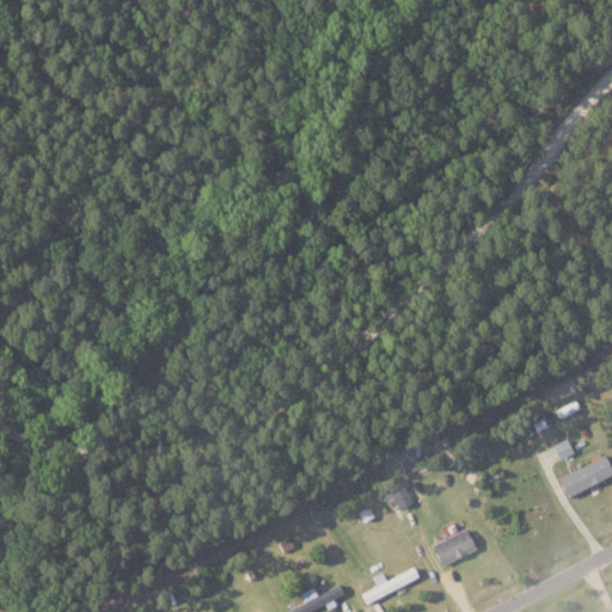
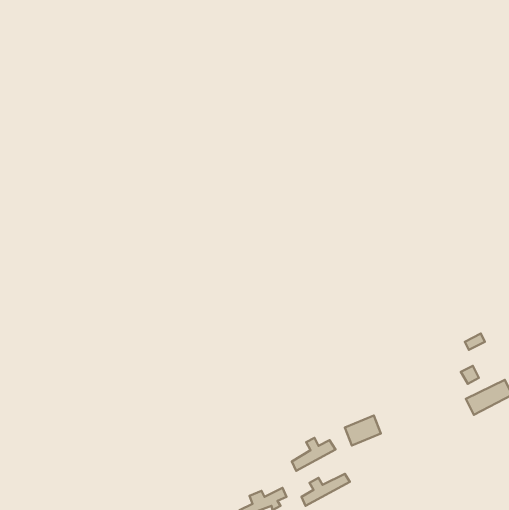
building: none -> [292,438,336,471]
building: [434,530,477,565] -> [345,416,381,446]

